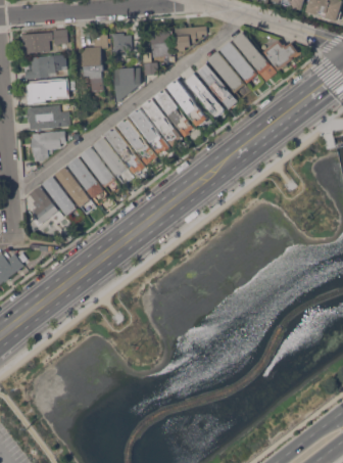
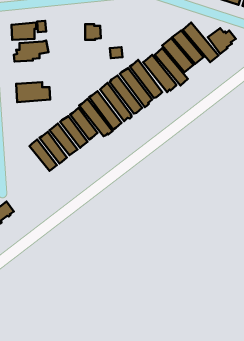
building: [174,24,206,50] -> none
building: [150,30,170,56] -> none
building: [81,33,107,90] -> none
building: [113,67,140,103] -> none
building: [26,80,63,104] -> none
building: [31,131,64,161] -> none
building: [31,186,58,225] -> none

